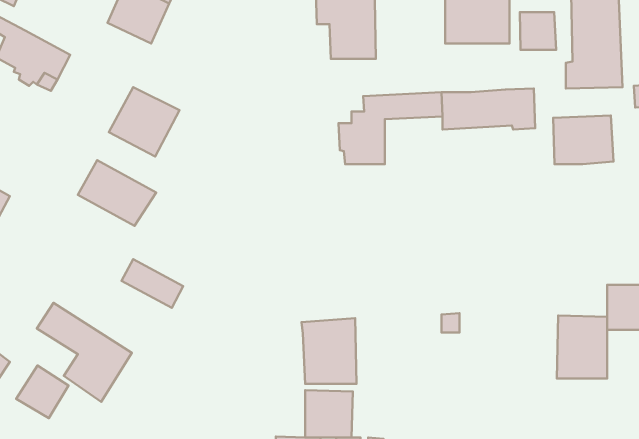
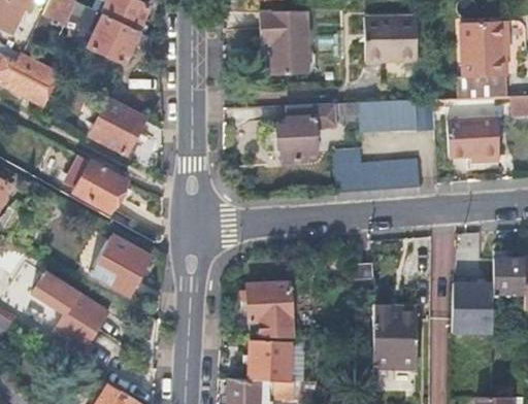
building: [520,12,556,50] -> none
building: none -> [333,152,418,195]
building: none -> [92,254,142,295]
building: none -> [370,299,421,360]
building: [16,366,68,418] -> none

